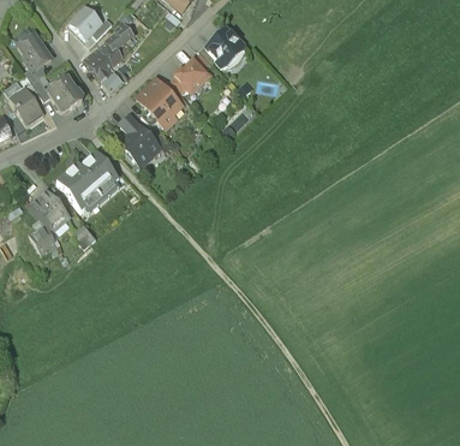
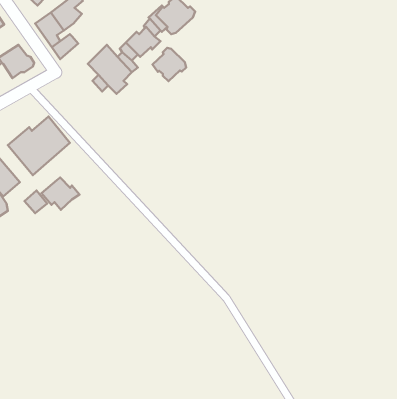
building: none -> [152,48,186,81]
building: [118,115,160,166] -> none
building: none -> [42,178,79,210]

